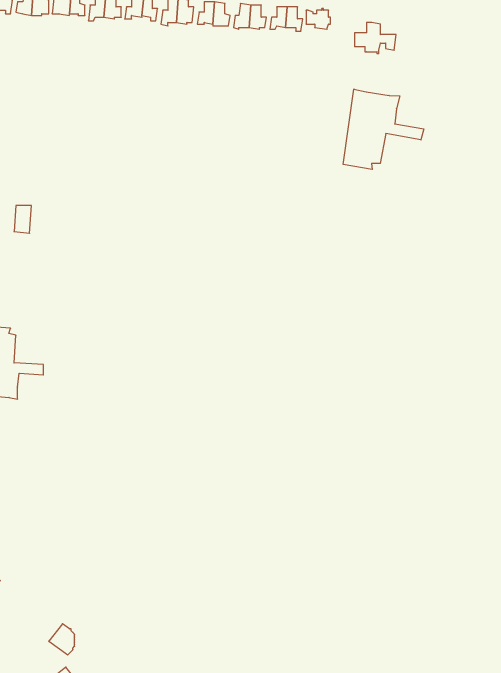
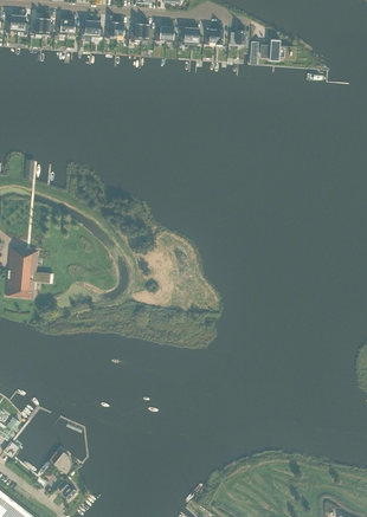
building: [343,89,424,169] -> none

